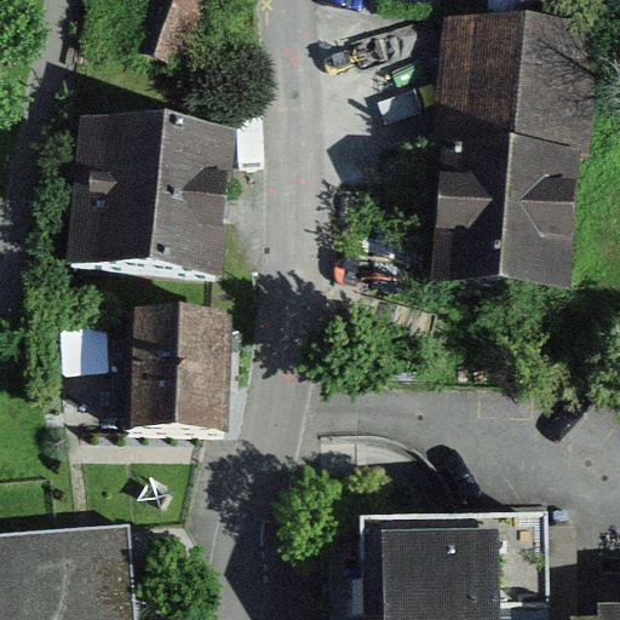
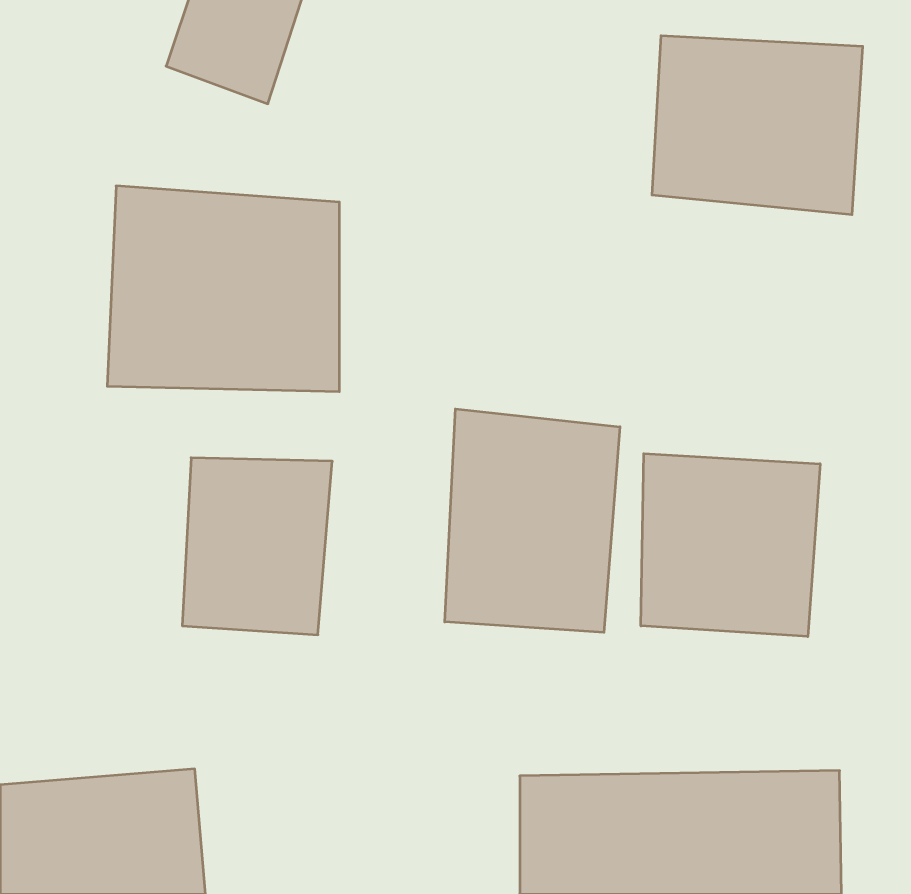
building: [437,132,579,292] -> none
building: none -> [445,409,620,632]
building: none -> [641,454,820,637]

